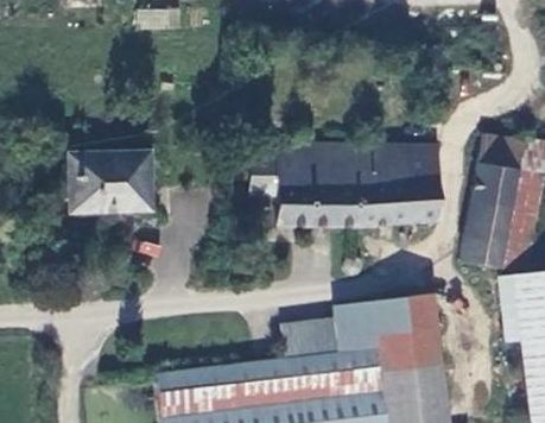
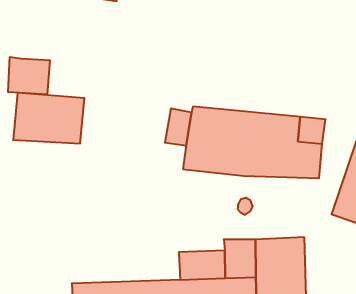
building: none -> [8,57,50,94]

